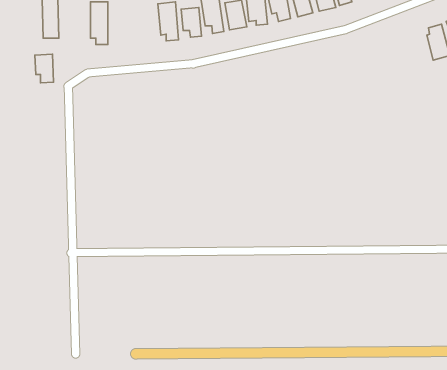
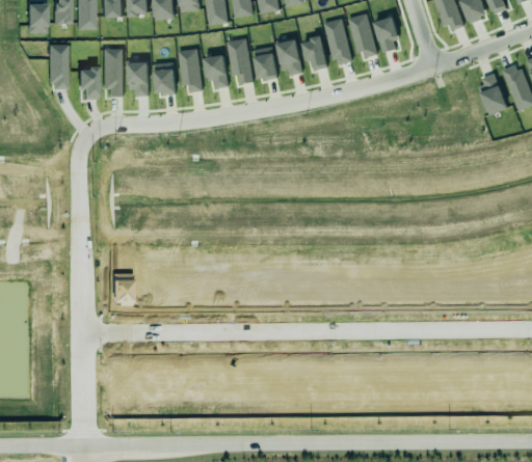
building: none -> [128,62,149,97]
building: none -> [154,62,175,94]
building: [35,54,54,83] -> [78,67,99,100]

